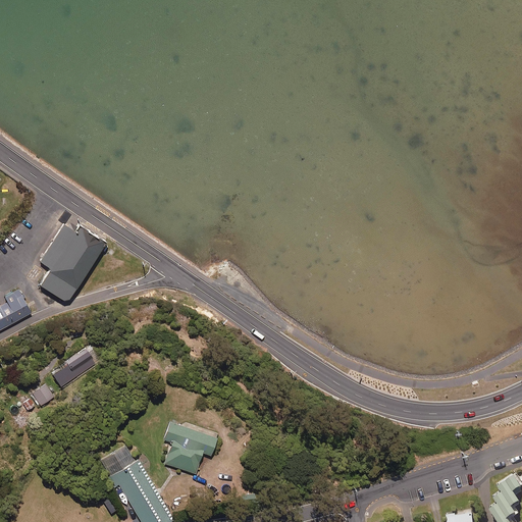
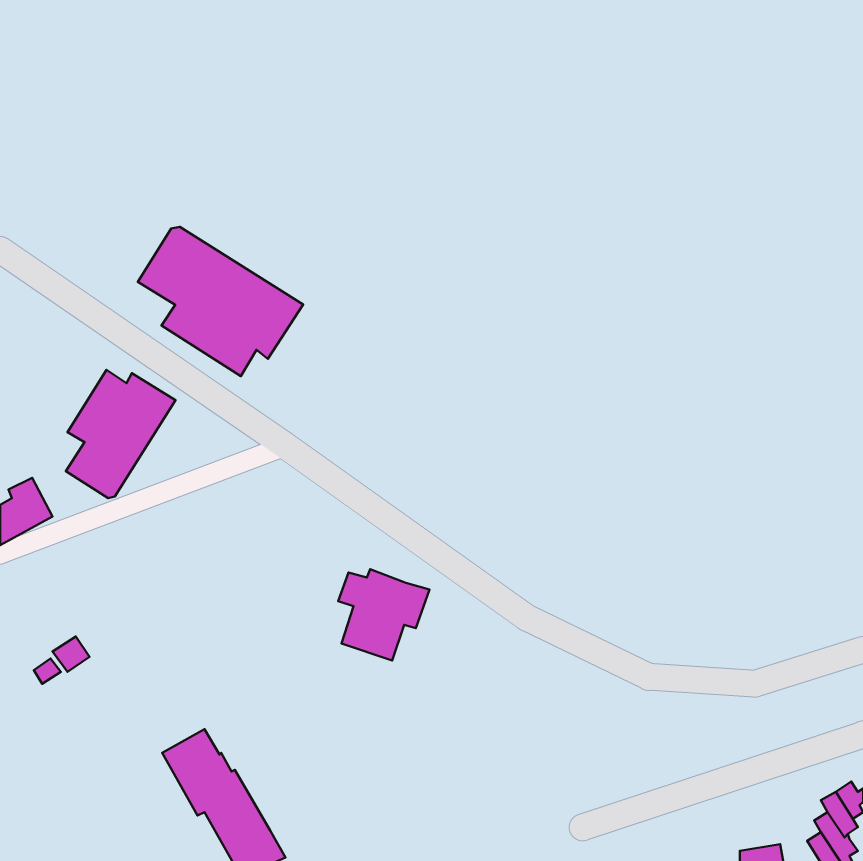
building: none -> [138,227,303,376]
building: [50,348,95,388] -> none
building: [163,420,218,475] -> [338,569,429,660]

